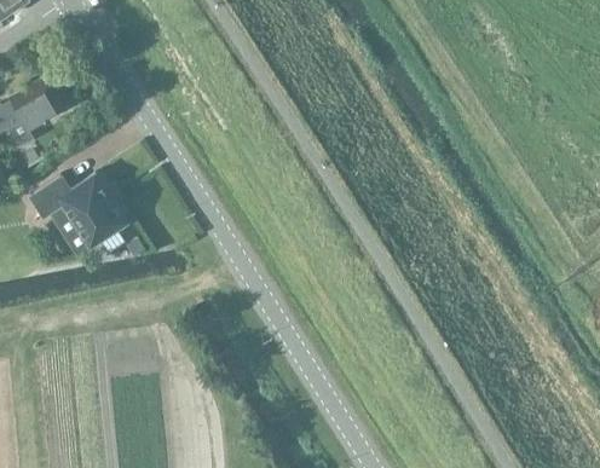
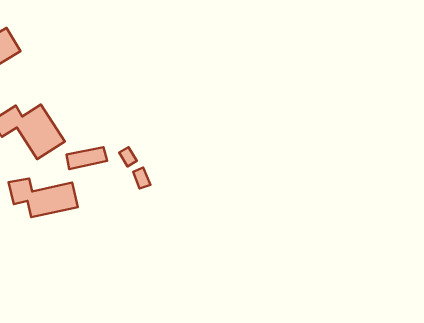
building: none -> [9,178,78,217]

